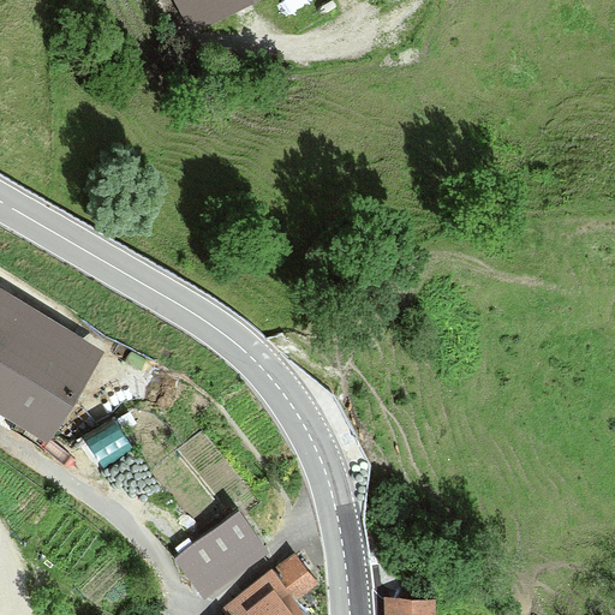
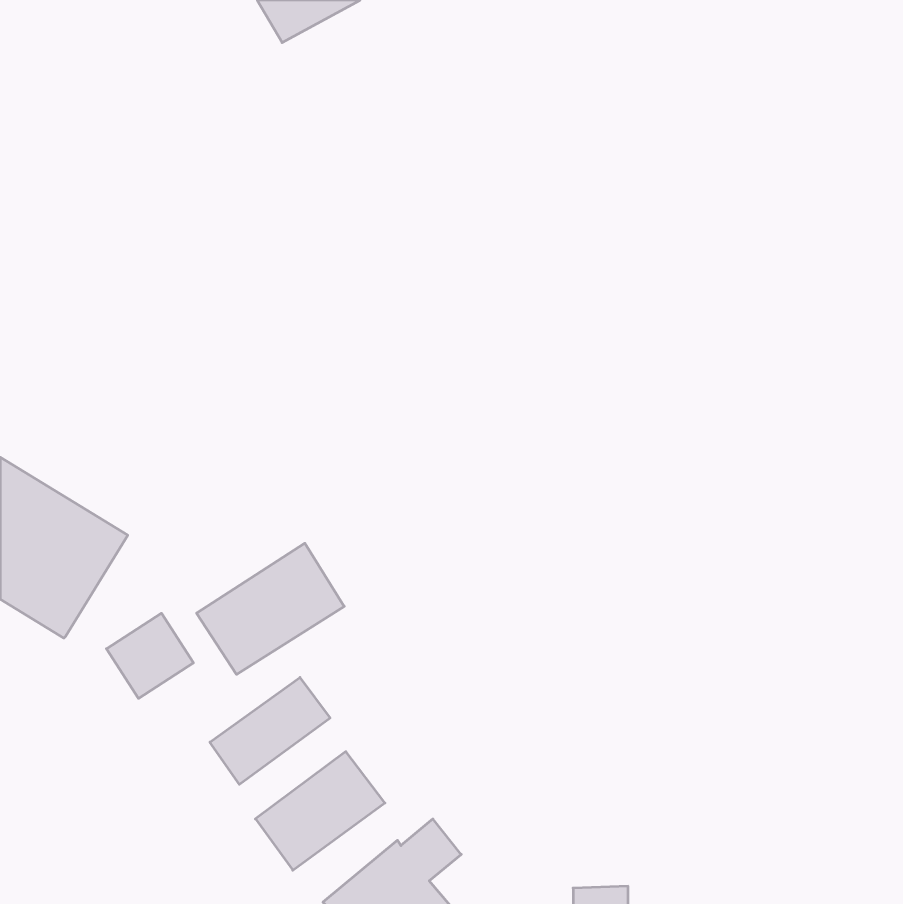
building: none -> [197,543,344,674]
building: none -> [210,677,330,784]

